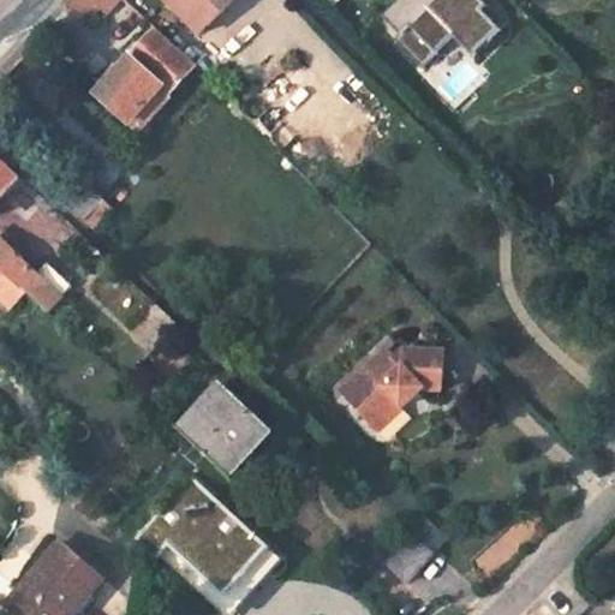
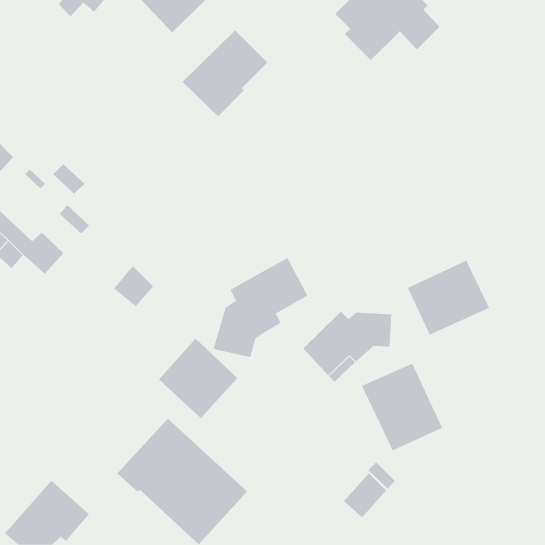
building: [92,31,190,130] -> [182,29,268,117]
building: none -> [213,257,308,358]
building: none -> [407,260,490,335]
building: none -> [361,363,443,451]

